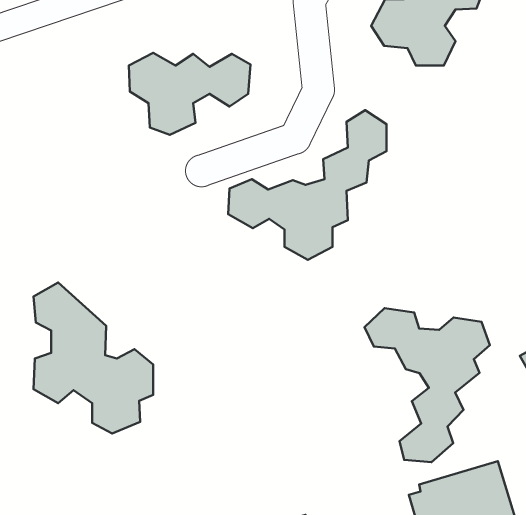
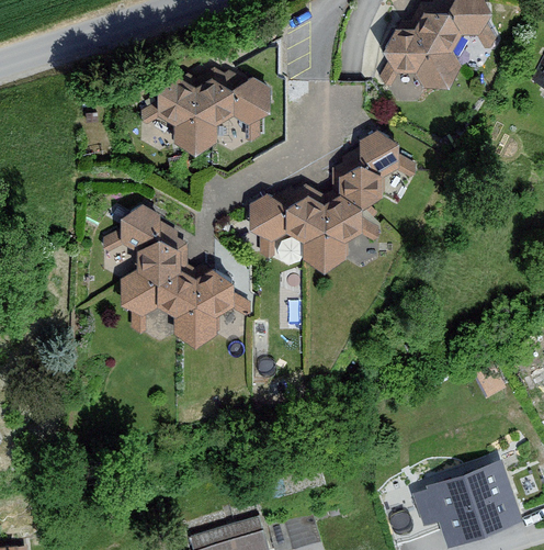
building: [34,283,153,434] -> [120,205,231,347]
building: [365,308,490,462] -> none

